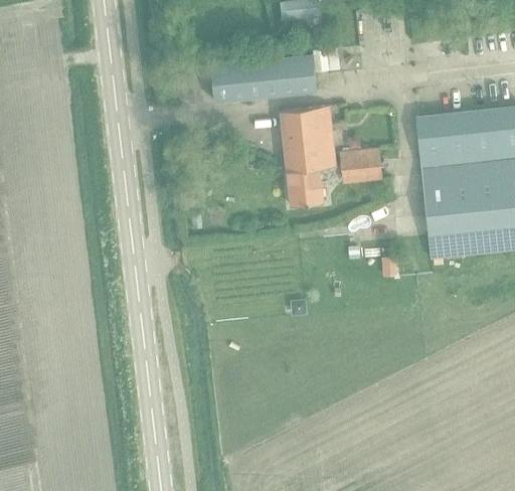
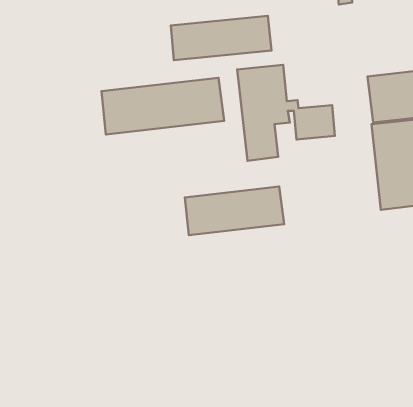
building: none -> [101,78,224,135]
building: none -> [185,187,284,235]

